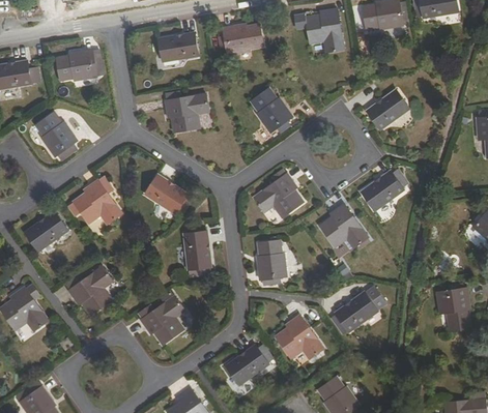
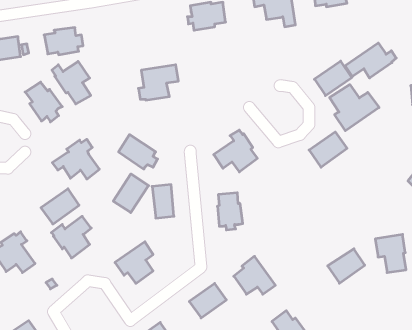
building: [162,32,200,61] -> none
building: none -> [345,43,396,78]
building: [252,88,293,134] -> none
building: none -> [52,61,91,104]
building: none -> [330,85,379,131]
building: [318,203,368,248] -> none
building: [24,211,67,252] -> [41,189,79,224]
building: none -> [113,174,149,213]
building: [334,292,376,331] -> [328,249,365,283]

